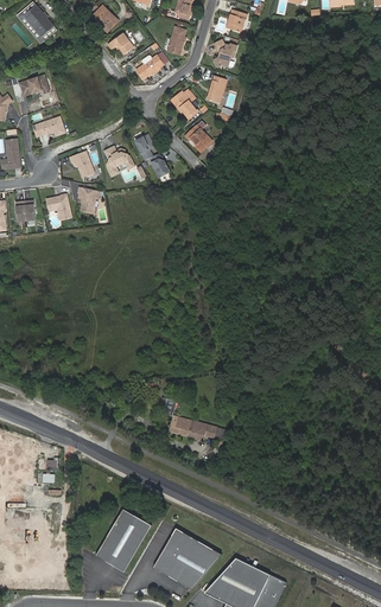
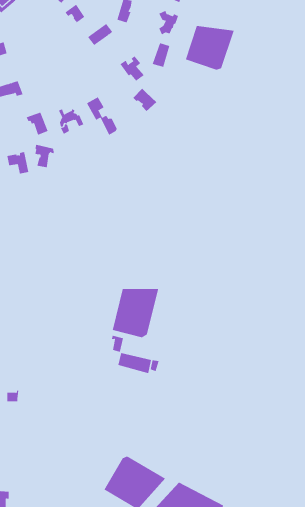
building: none -> [185,25,235,70]
building: none -> [112,288,159,338]
building: [96,506,151,570] -> none

